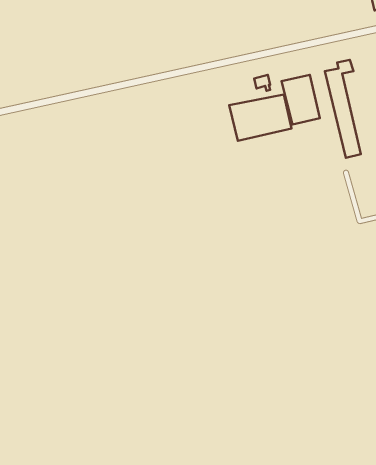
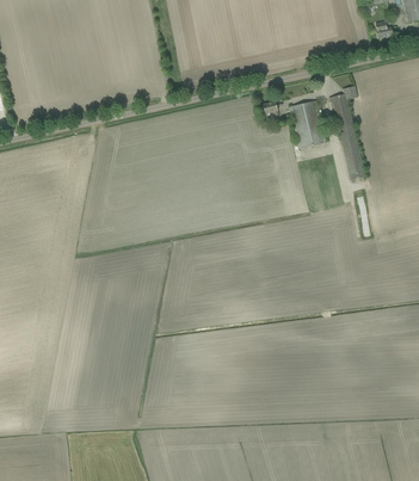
building: [229,94,292,141] -> none

